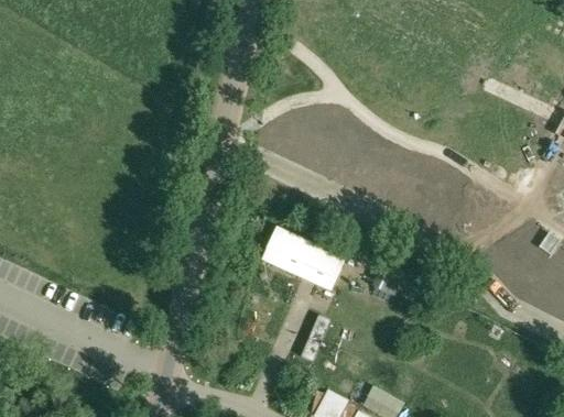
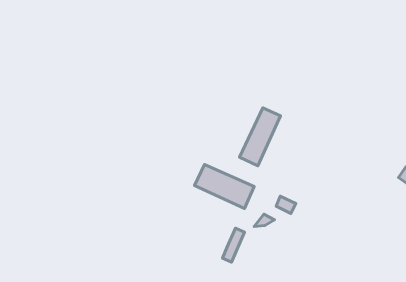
building: none -> [240,108,281,166]

